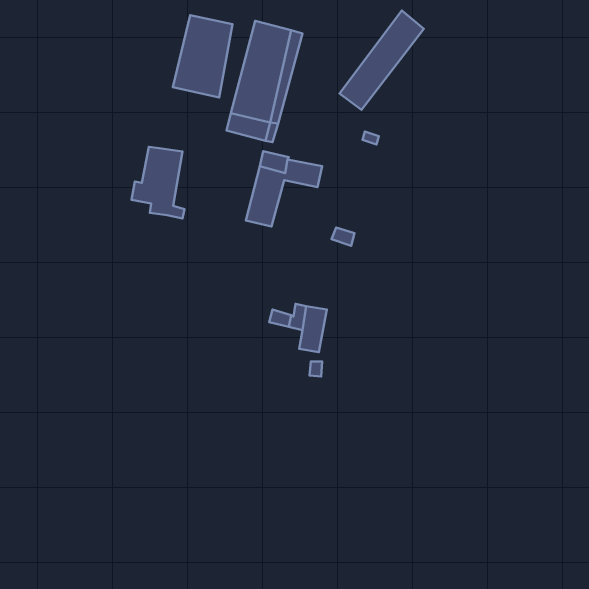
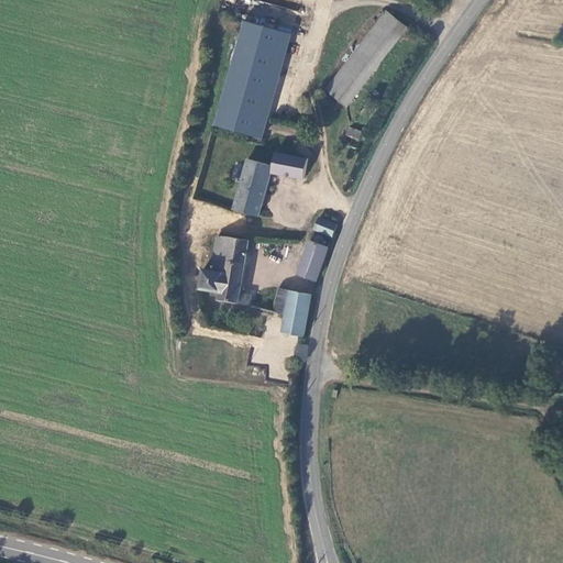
building: [173,15,233,97] -> none
building: [132,147,185,218] -> [201,238,252,306]
building: none -> [298,238,329,282]

